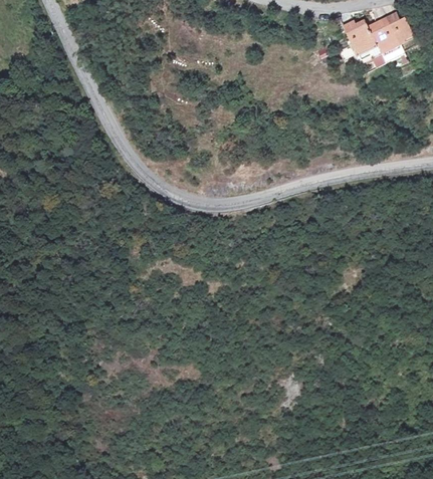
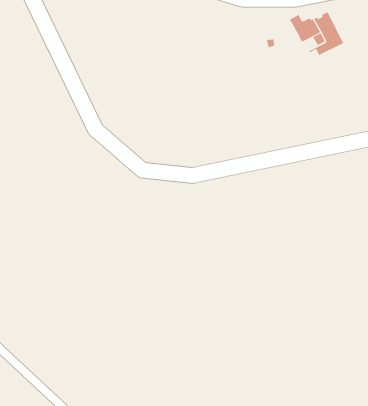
building: [385,12,412,44] -> none

